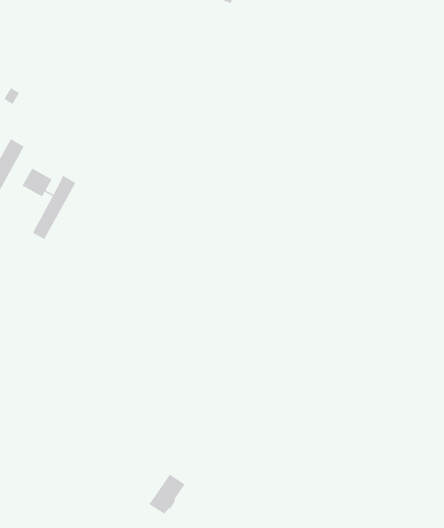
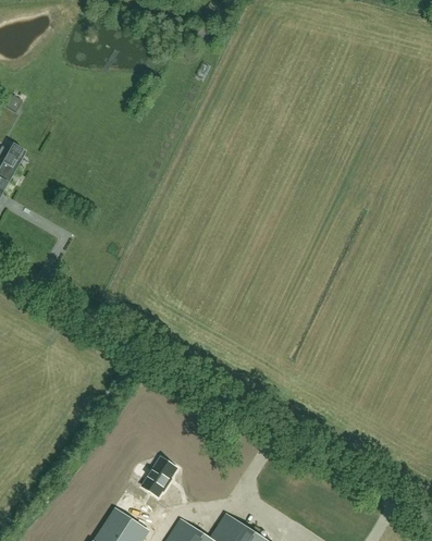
building: [22,168,76,240] -> none

